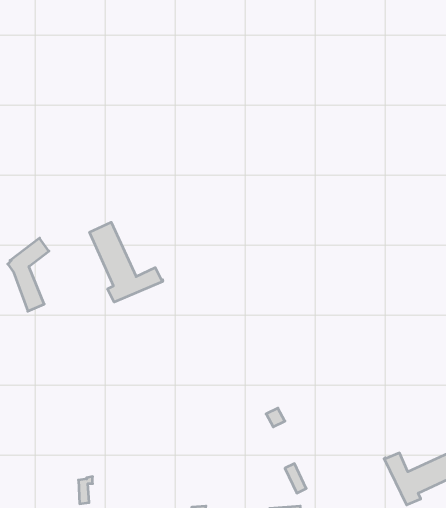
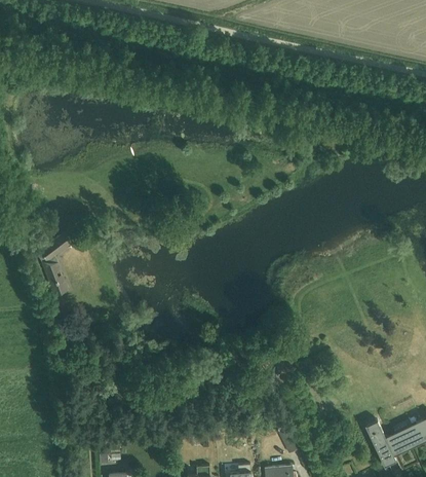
building: [90,222,163,302] -> none

